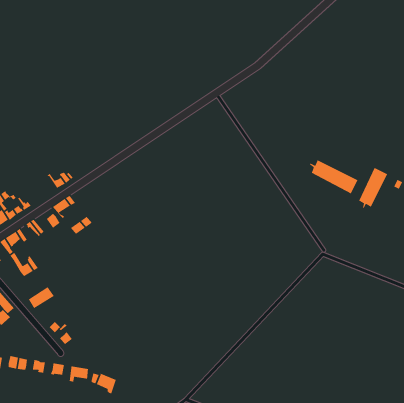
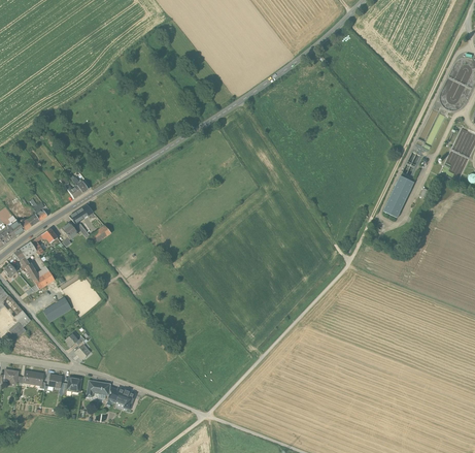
building: [309,159,358,194] -> none

